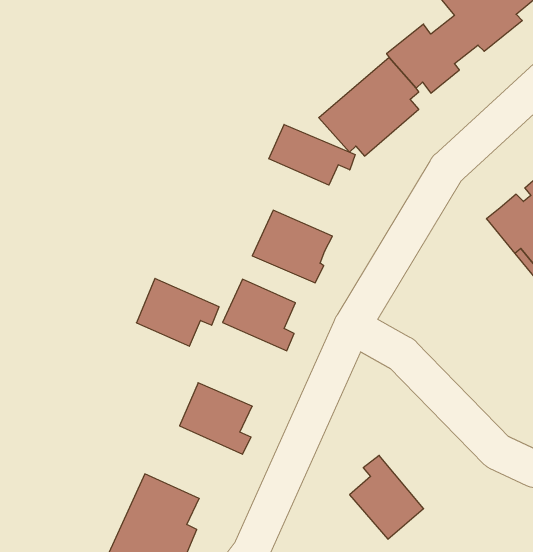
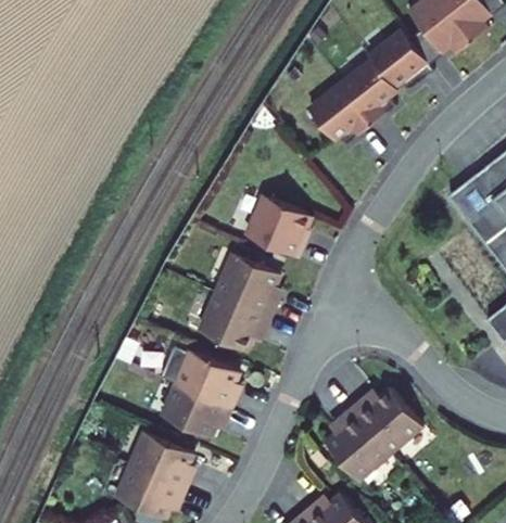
building: [269,124,355,185] -> none
building: [136,278,219,346] -> [200,291,273,350]
building: none -> [161,382,233,442]
building: none -> [354,387,426,455]

